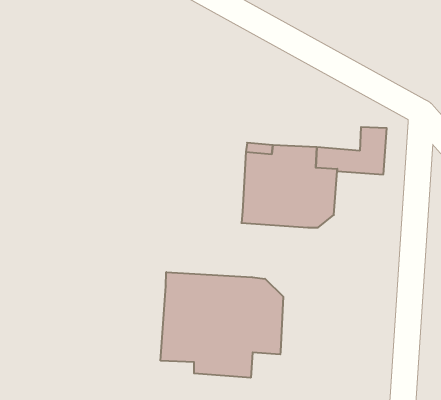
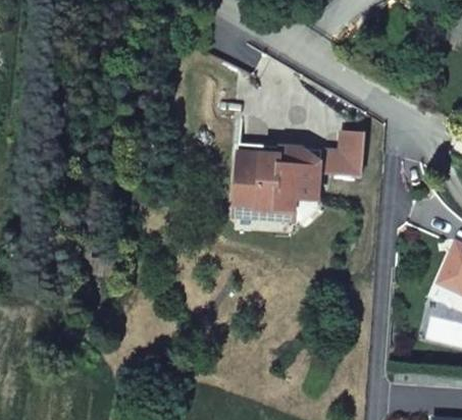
building: [161,272,283,378] -> none

